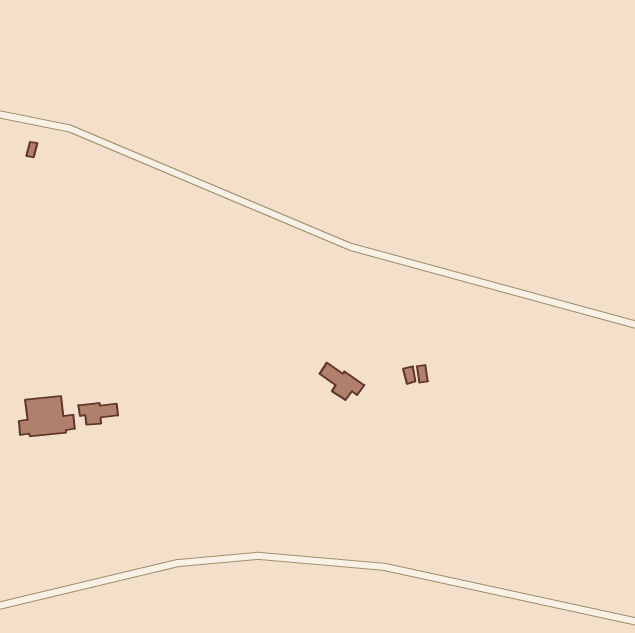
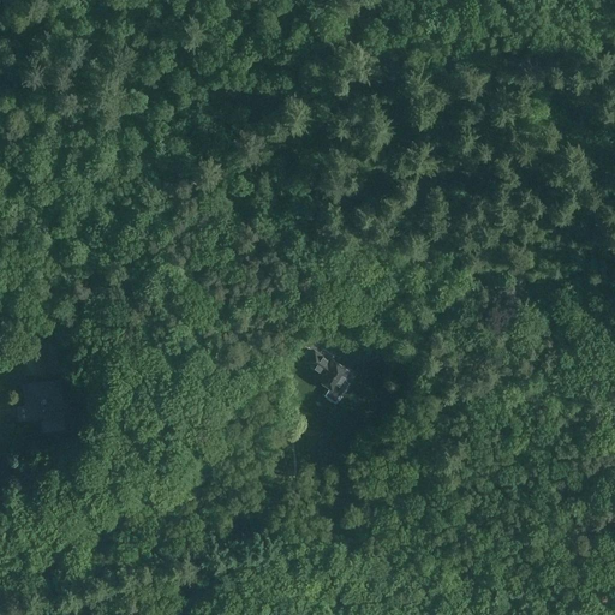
building: [78,403,118,425] -> none

